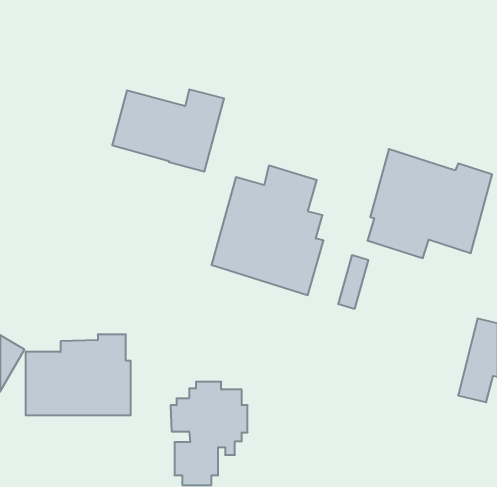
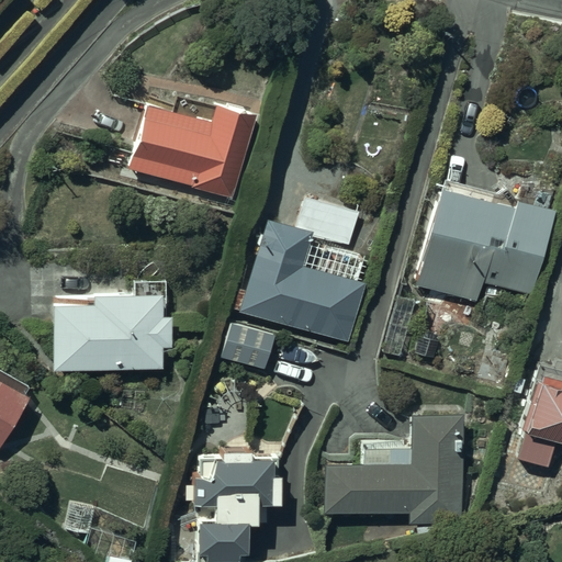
building: none -> [220,319,276,370]
building: [26,334,131,415] -> [53,279,171,370]
building: none -> [323,407,463,527]

